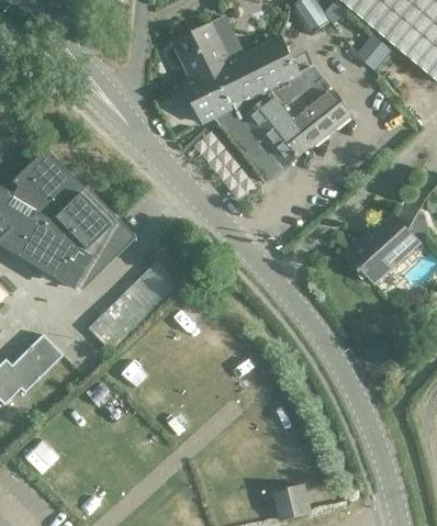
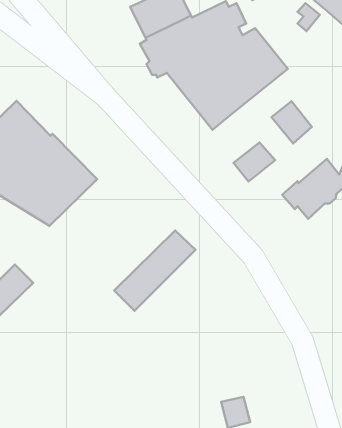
building: none -> [272,101,312,144]
building: none -> [234,142,275,182]
building: [88,260,180,351] -> [114,231,196,311]

